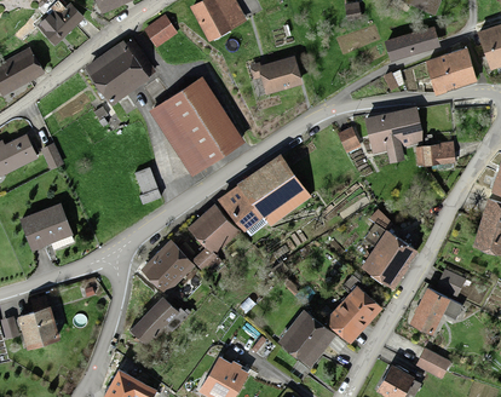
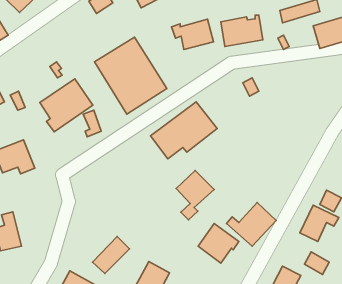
building: [88,39,156,107] -> [40,79,93,132]
building: [368,110,421,150] -> [221,15,263,46]
building: [416,143,455,167] -> none
building: [189,206,237,269] -> [176,170,214,220]
building: [363,209,415,283] -> none
building: [143,242,190,289] -> none
building: [131,297,178,344] -> [92,237,129,274]

